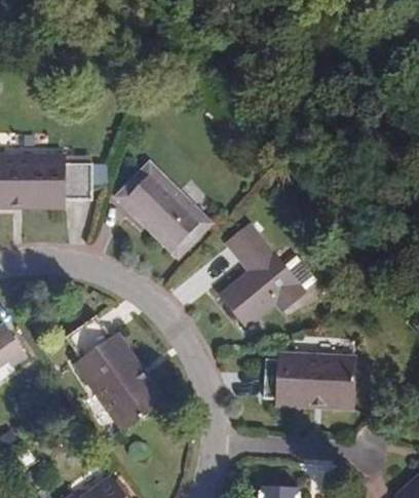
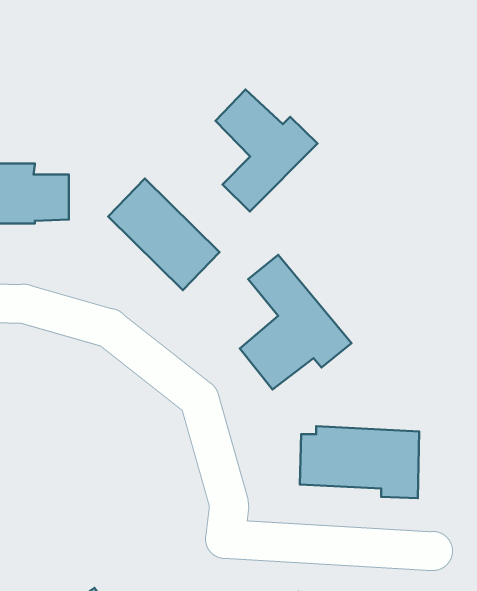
building: none -> [215,89,318,211]
building: [66,314,163,427] -> none

